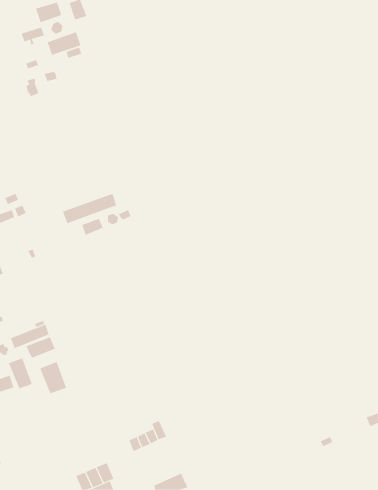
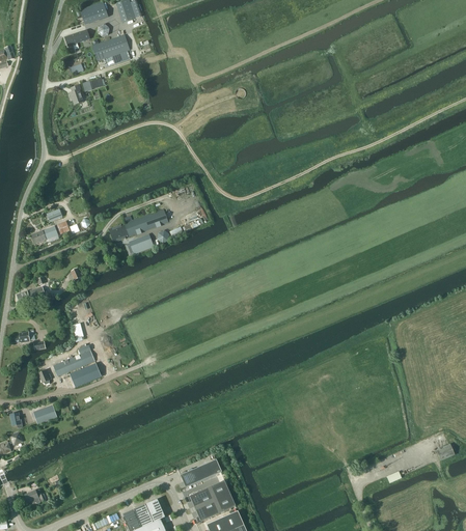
building: [8,357,33,389] -> none
building: [39,361,67,394] -> none
building: none -> [189,480,235,521]

